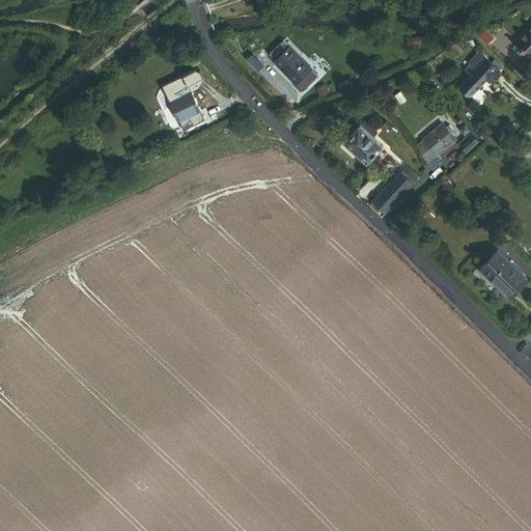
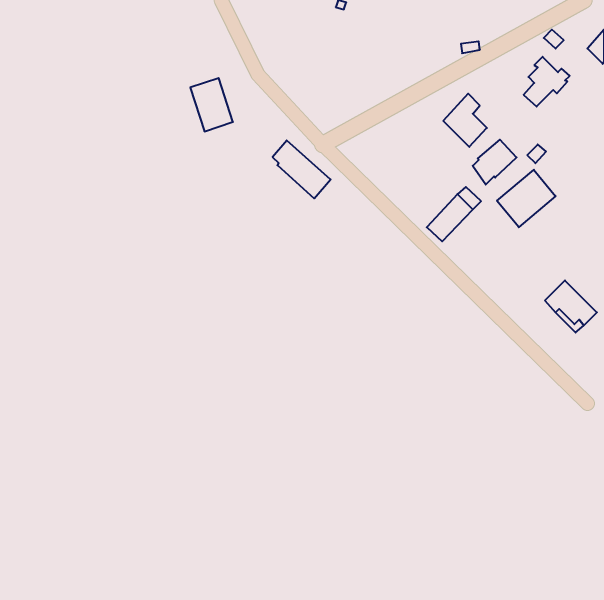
building: [264,47,315,97] -> [273,140,331,198]
building: [344,119,383,166] -> [443,94,487,147]
building: none -> [497,170,556,227]

